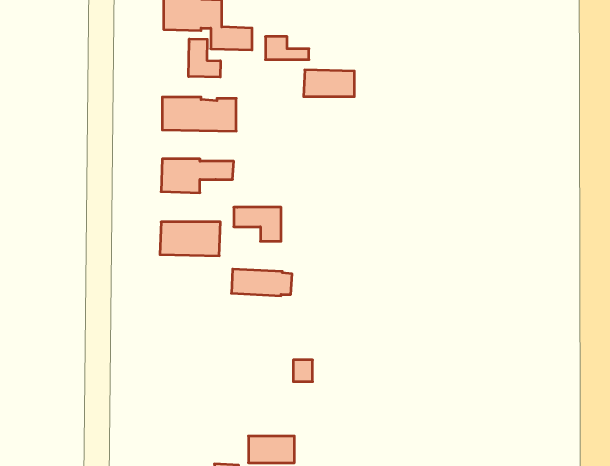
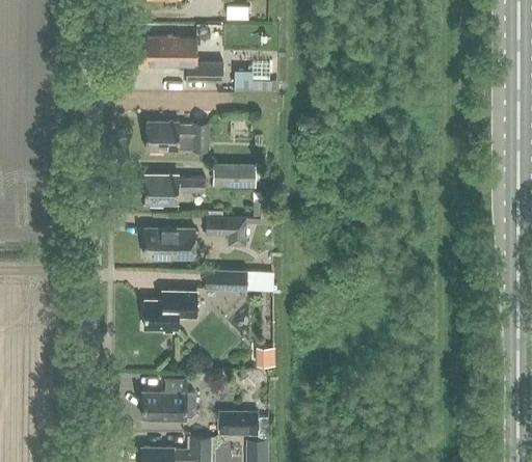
building: [189,39,220,77] -> none
building: [304,70,354,97] -> [213,162,257,185]
building: none -> [144,291,196,329]
building: none -> [142,379,194,419]

